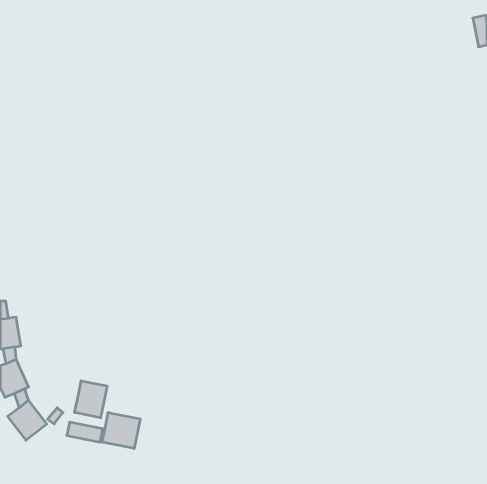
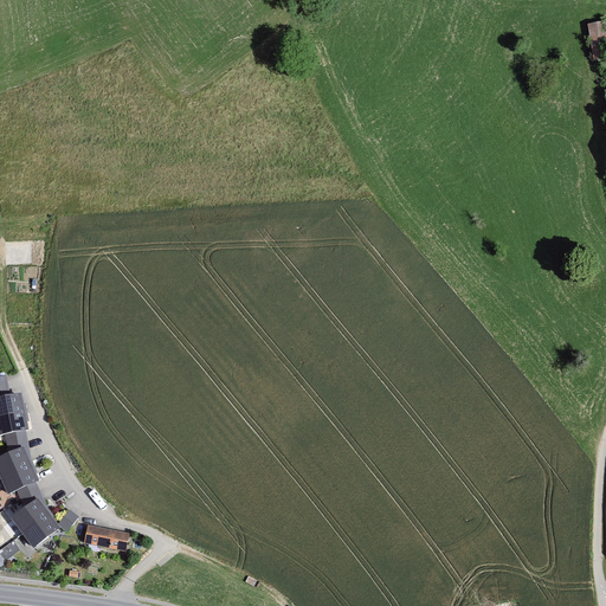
building: [75,381,107,418] -> none
building: [102,412,140,449] -> none

